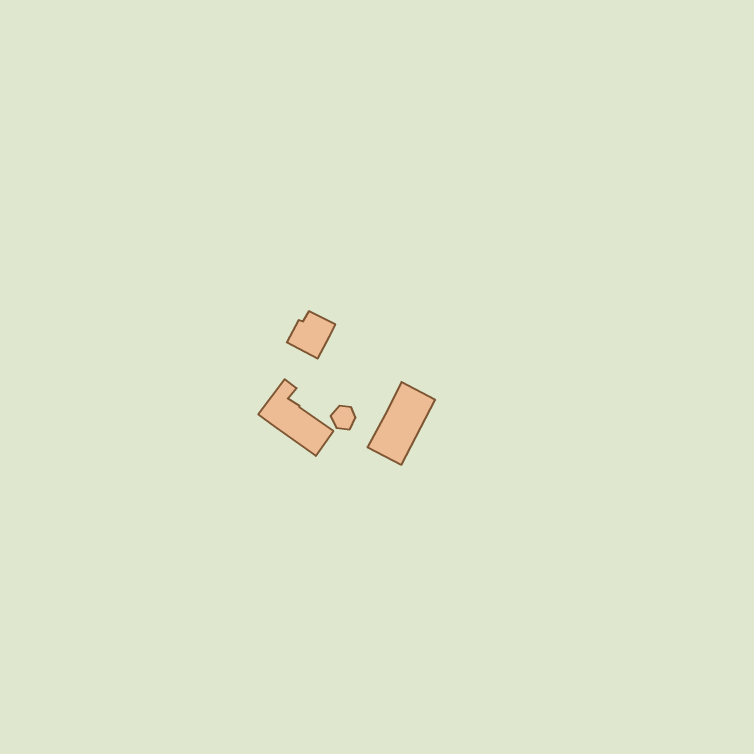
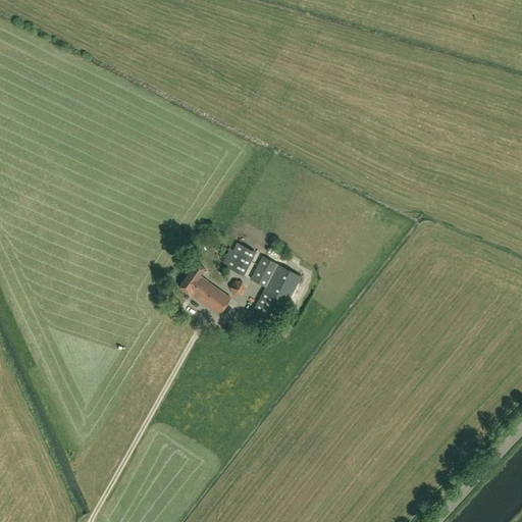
building: [287,311,335,359] -> [222,243,256,275]
building: none -> [251,256,277,286]

